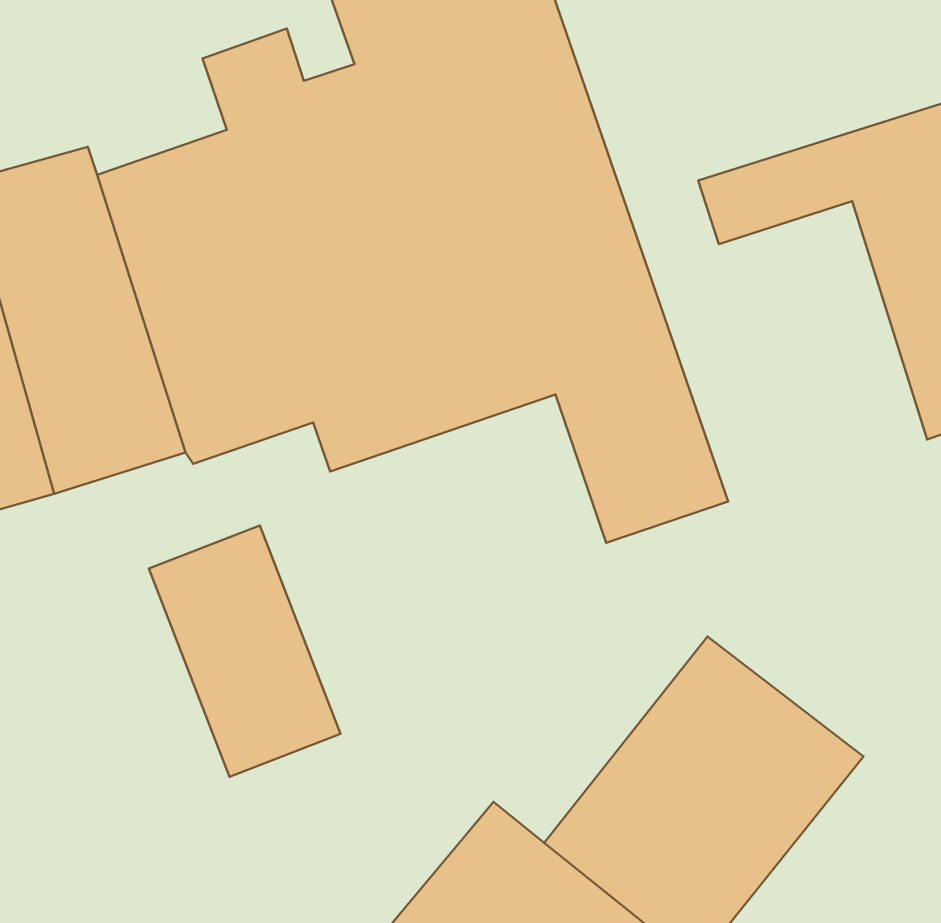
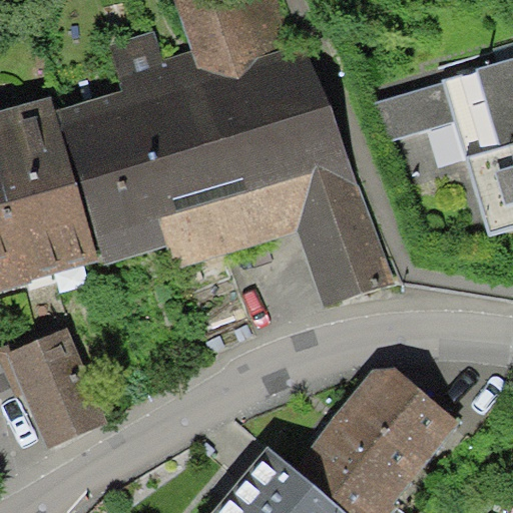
building: [149,525,340,777] -> [7,328,109,462]

